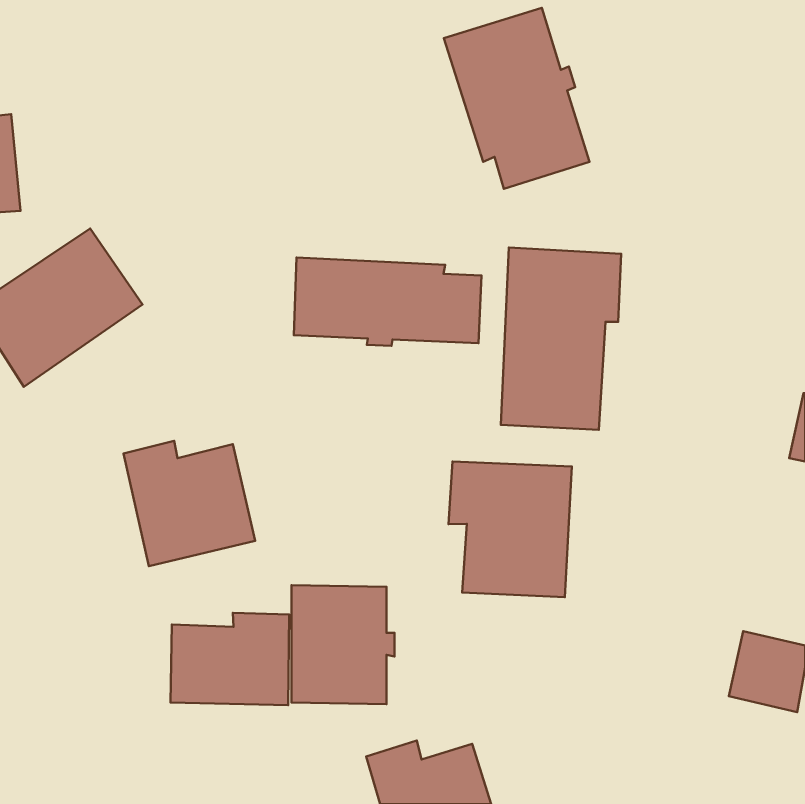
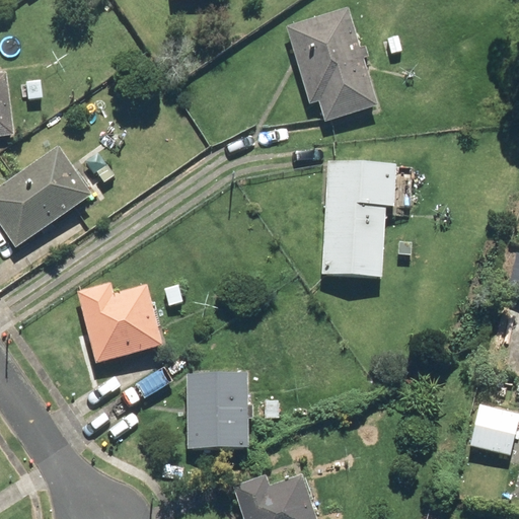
building: [294,258,482,346] -> none
building: [449,462,572,597] -> none
building: [170,613,289,705] -> none

